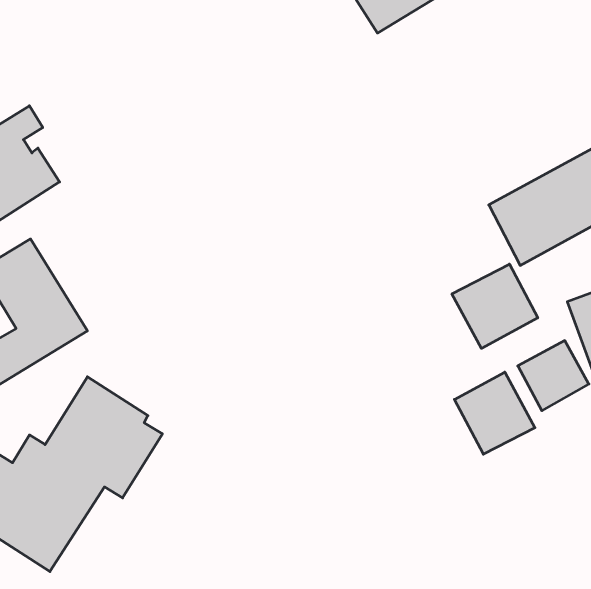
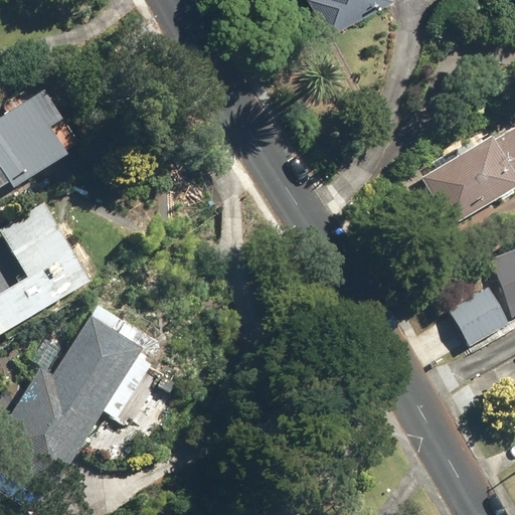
building: [452,264,538,348] -> none
building: [454,372,535,454] -> none

